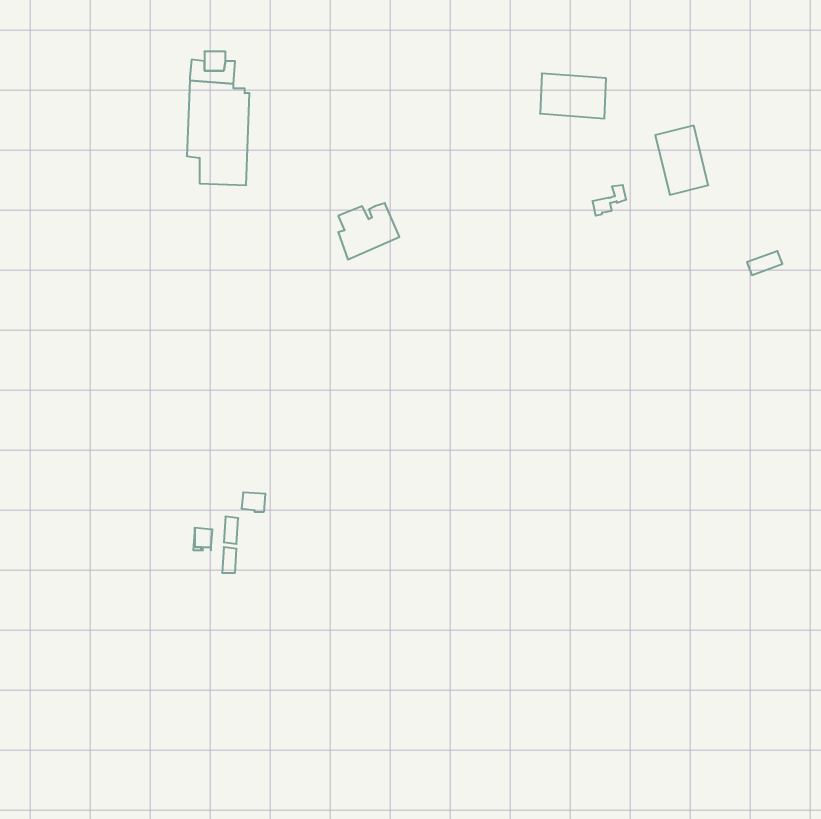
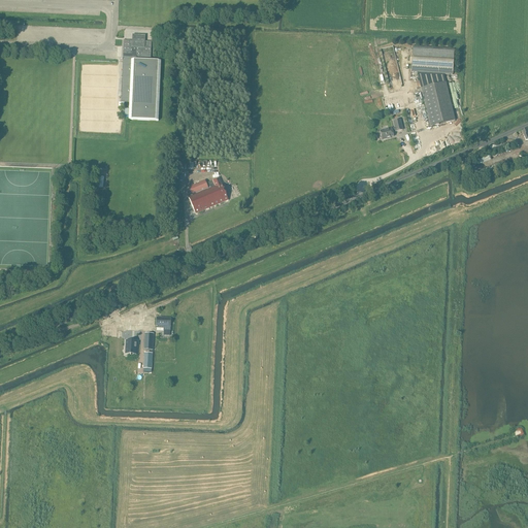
building: [540,73,606,118] -> [410,44,453,73]
building: [338,203,399,259] -> [188,176,227,212]

